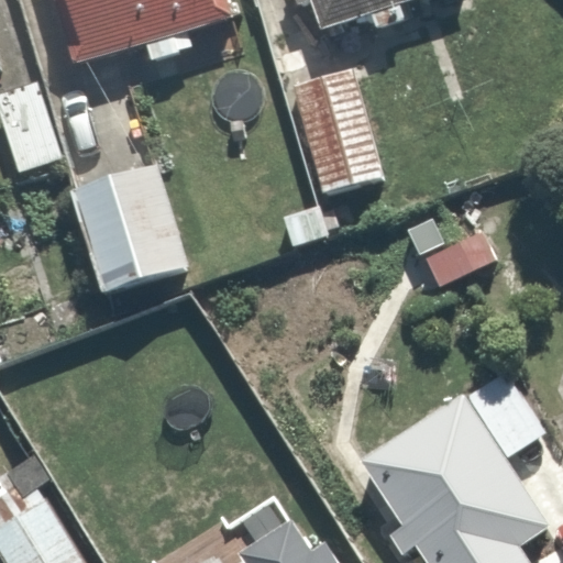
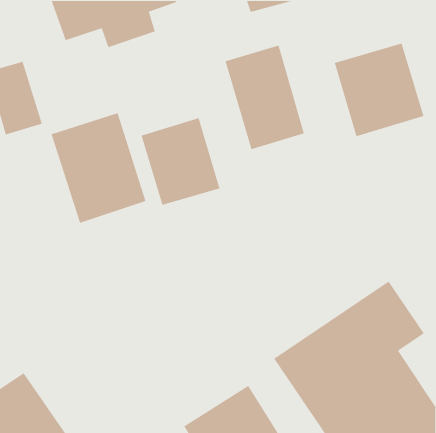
building: none -> [334,43,425,137]
building: none -> [140,117,220,206]

